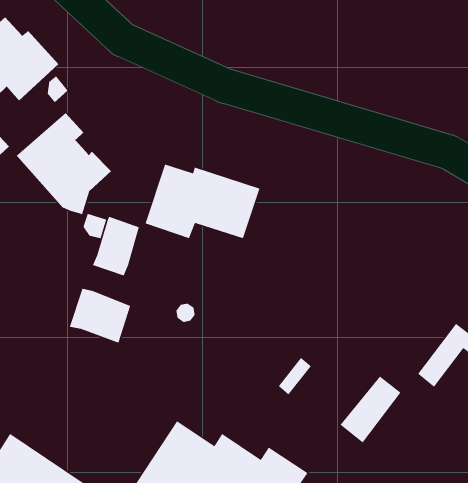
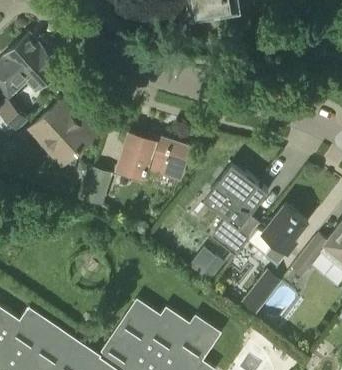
building: none -> [202,164,267,256]
building: none -> [261,206,306,266]
building: [69,288,131,343] -> none

